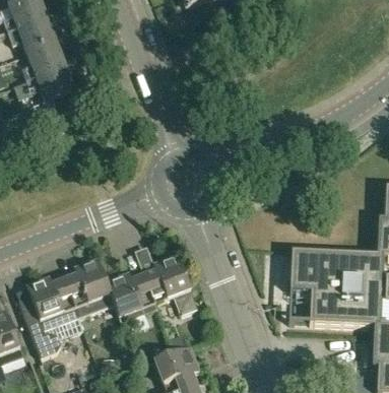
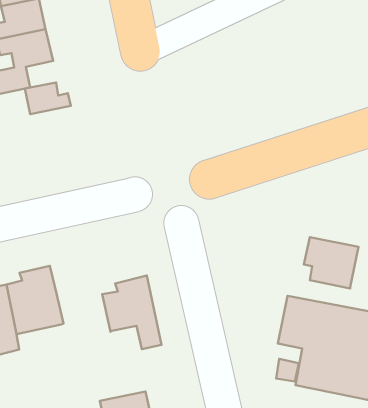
building: none -> [25,83,71,114]
building: none -> [304,237,358,288]
building: [106,269,156,320] -> none

